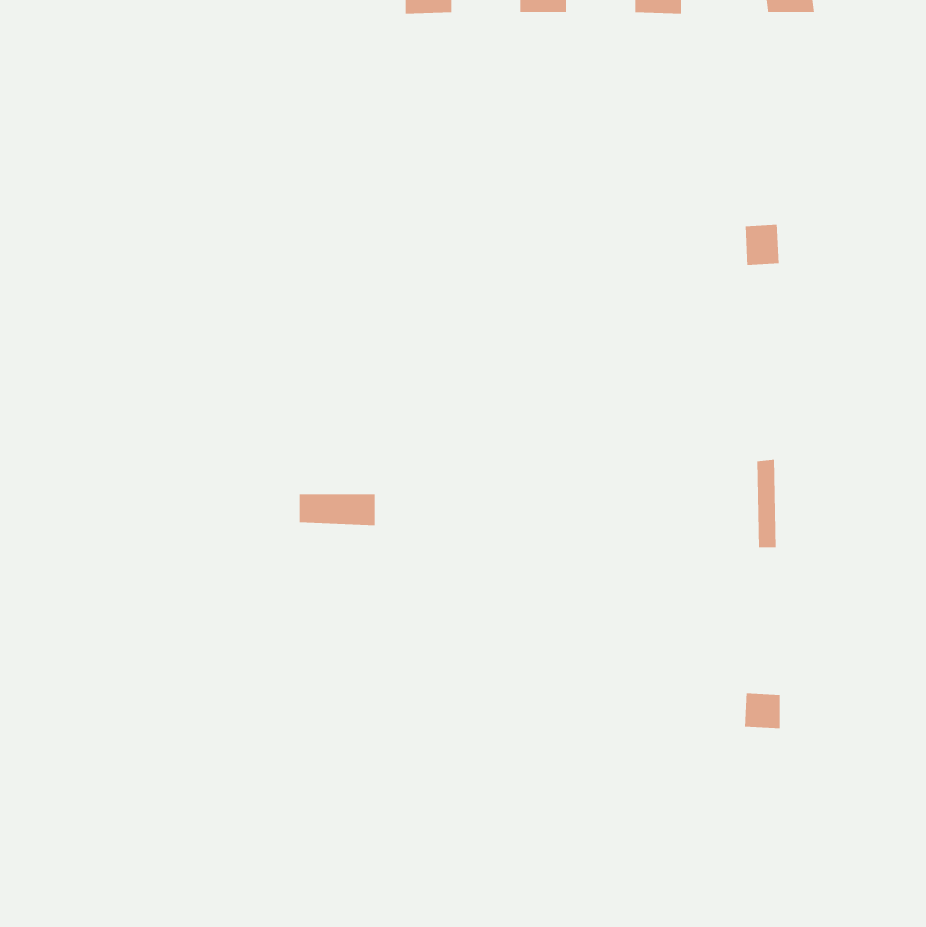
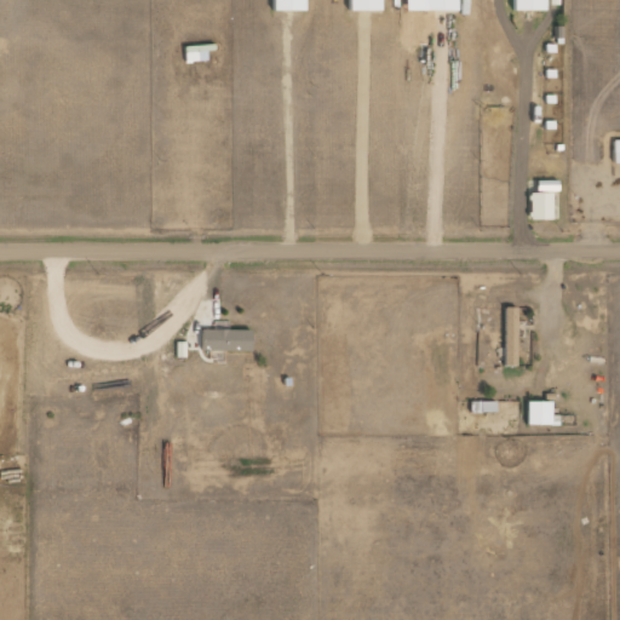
building: [745,224,779,266] -> [532,190,555,218]
building: [744,693,780,729] -> [528,400,552,424]

